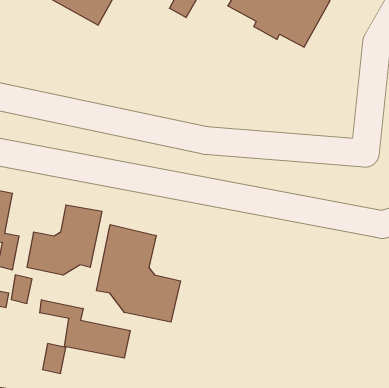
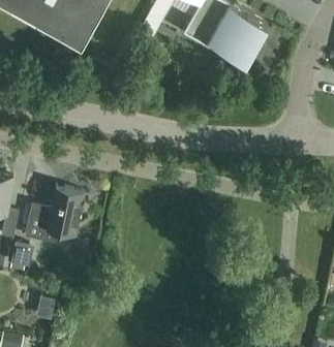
building: [96,225,181,322] -> none
building: [40,300,130,358] -> none

